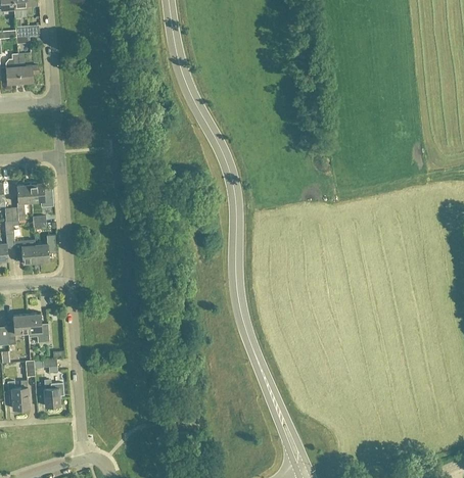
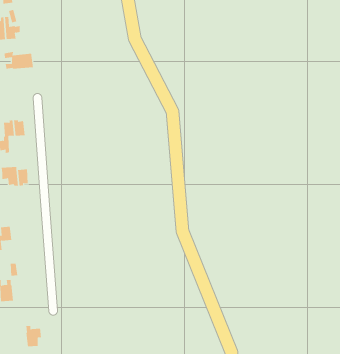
building: none -> [4,51,33,70]
building: [27,314,50,342] -> none
building: [44,380,64,407] -> [25,326,42,347]

